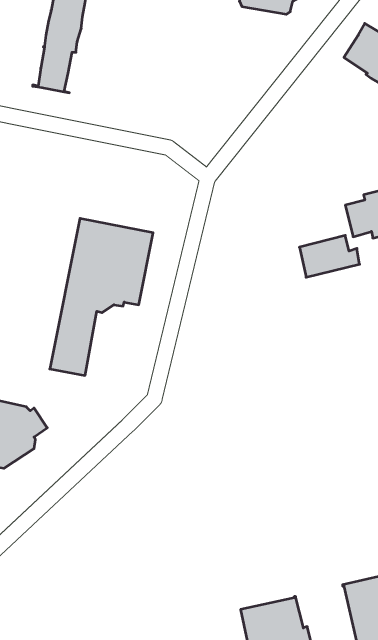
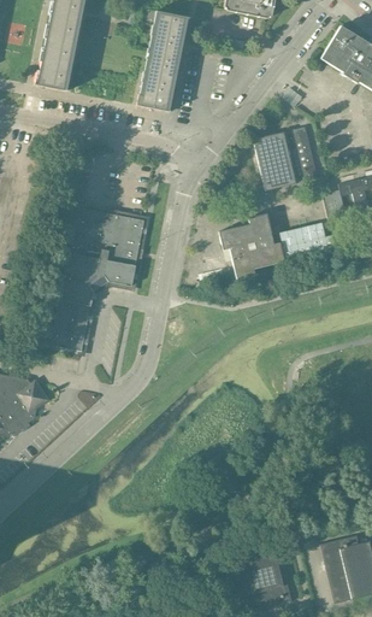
building: none -> [137,10,190,111]
building: none -> [254,125,318,189]
building: none -> [220,212,285,277]

